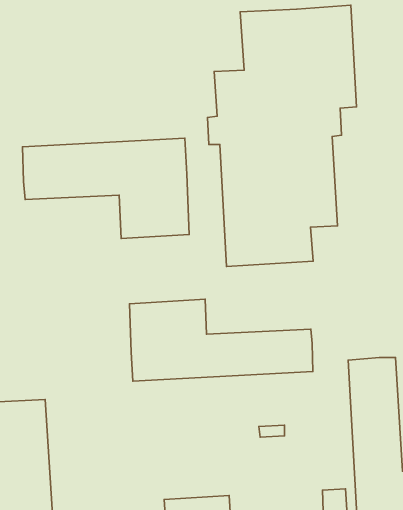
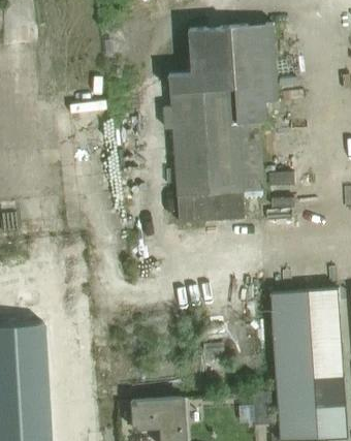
building: [23,138,189,239] -> none
building: [129,299,313,381] -> none

